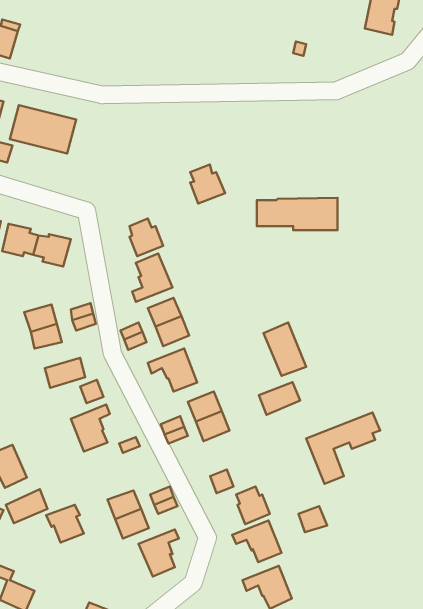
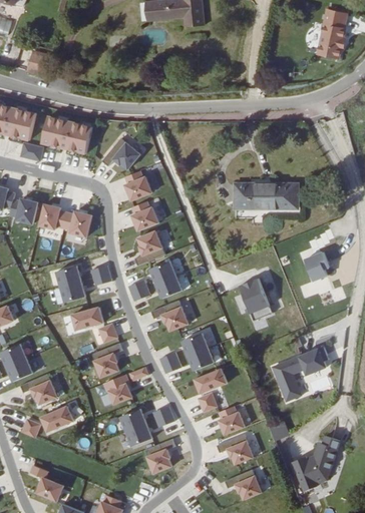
building: none -> [104,134,144,166]
building: [190,164,225,203] -> [129,168,156,198]
building: none -> [305,252,329,281]
building: [259,382,300,415] -> [195,368,227,393]
building: [46,505,84,543] -> [102,375,131,404]
building: none -> [293,438,341,491]

